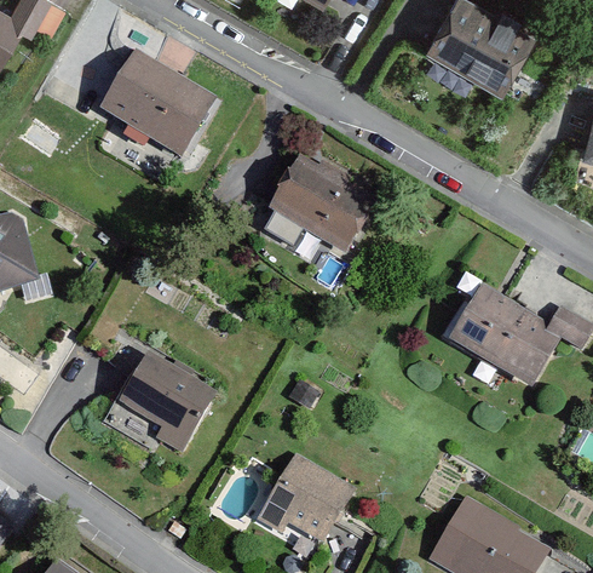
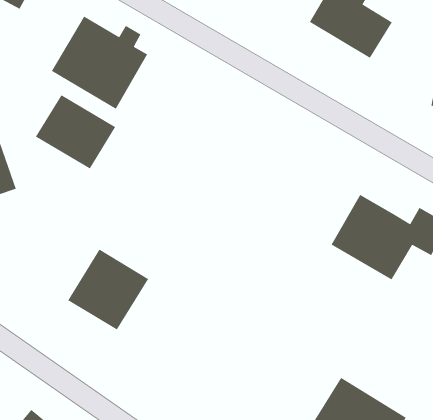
building: none -> [35,94,116,169]
building: [258,164,370,273] -> none
building: [258,445,362,551] -> none

